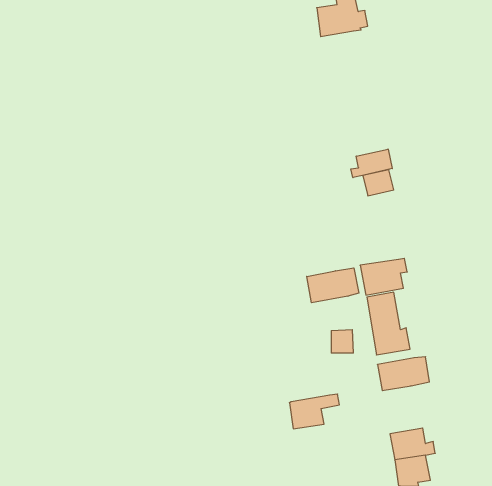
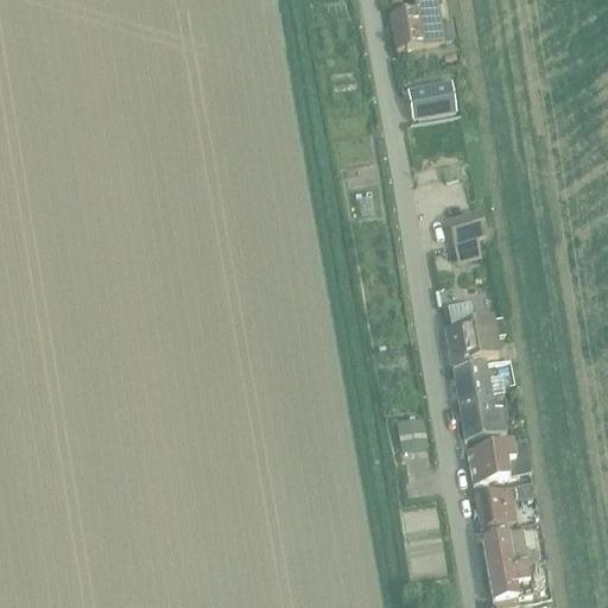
building: none -> [407,77,455,114]
building: [351,149,392,178] -> none
building: [307,268,359,303] -> none
building: [289,394,339,429] -> [473,481,534,524]

